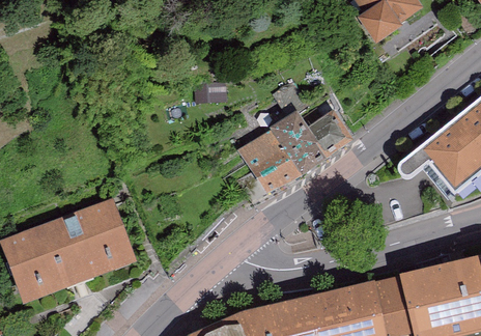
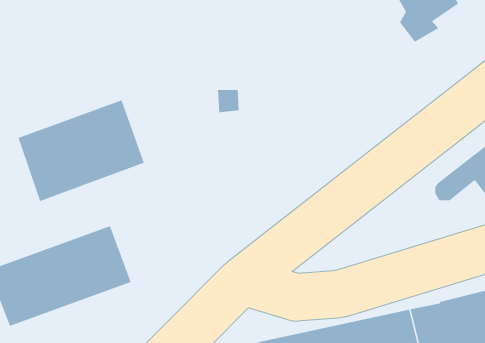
building: none -> [18,99,145,202]
building: [242,117,351,202] -> none

